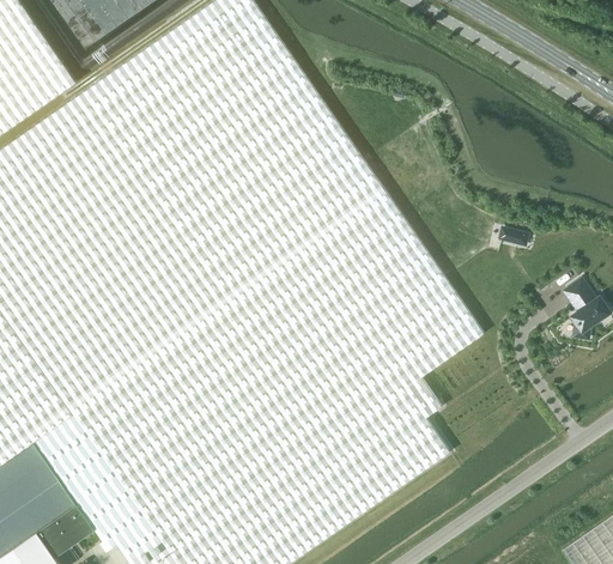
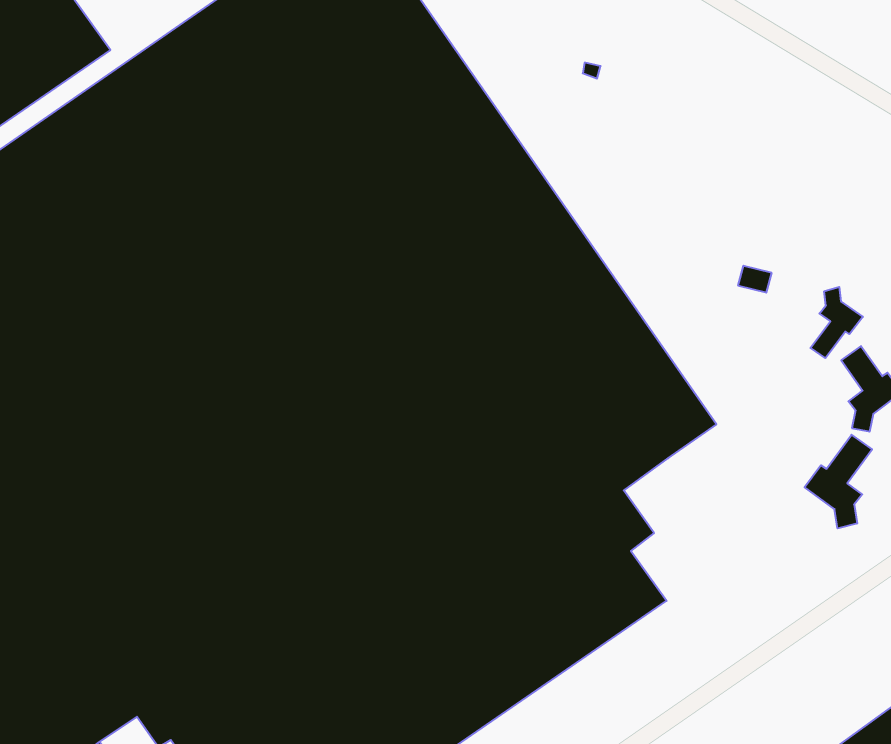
building: none -> [810,287,863,358]
building: none -> [805,435,872,528]

